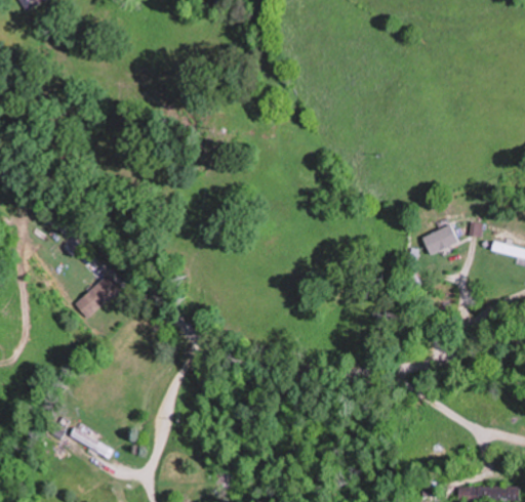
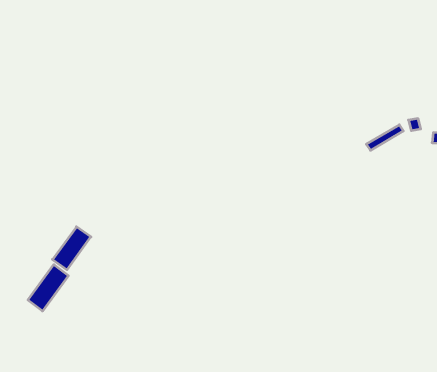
building: none -> [28,265,68,311]

